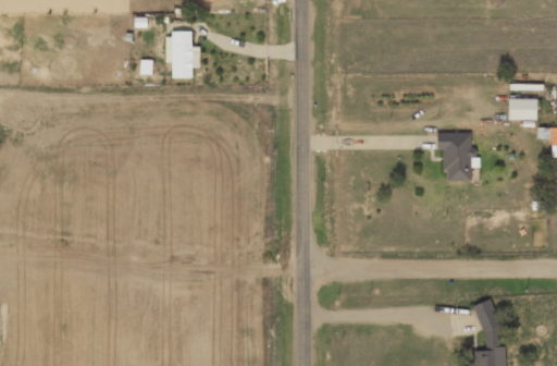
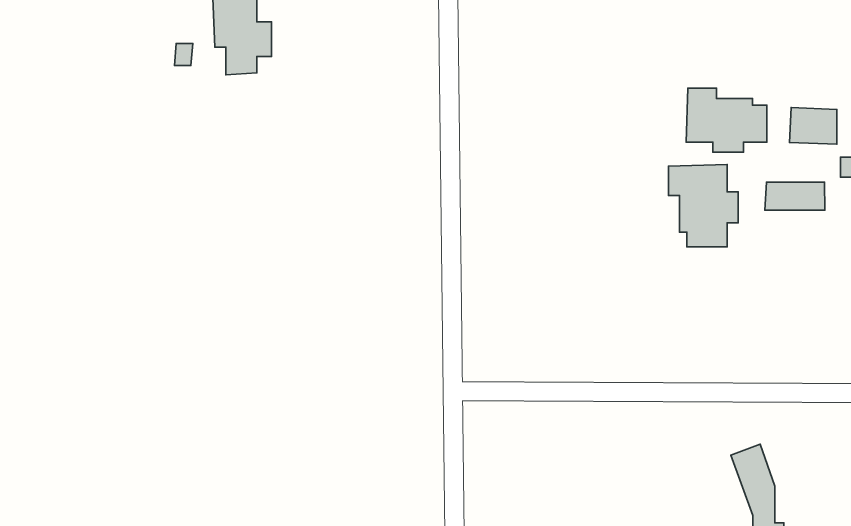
building: none -> [686,88,767,152]
building: none -> [765,182,825,210]

